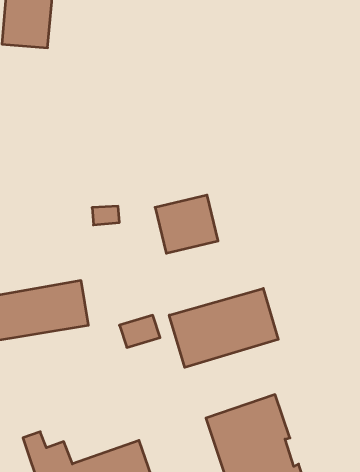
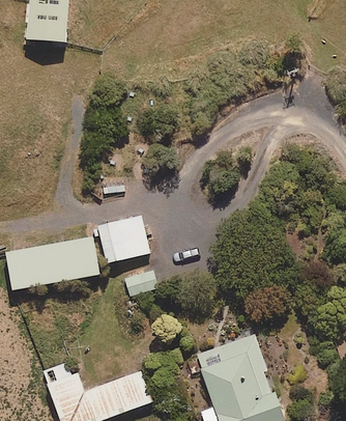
building: [155,195,218,253] -> [97,215,150,263]
building: [169,288,278,367] -> none

